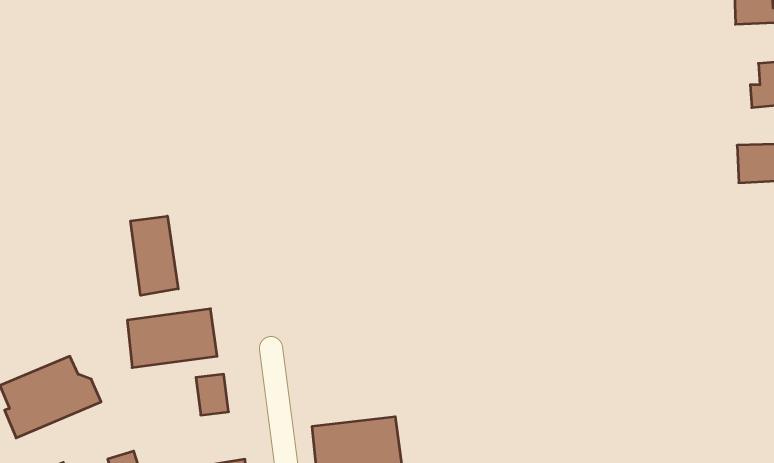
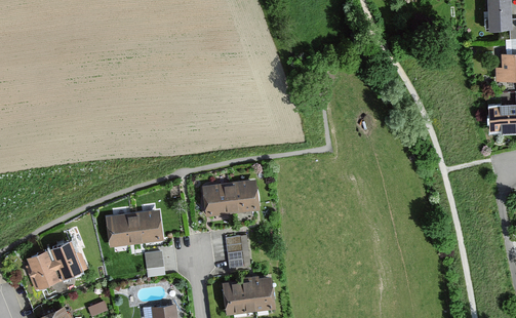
building: [131,216,178,295] -> none
building: none -> [201,180,257,216]
building: none -> [228,235,246,268]

